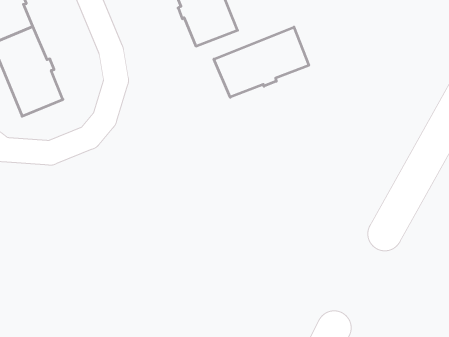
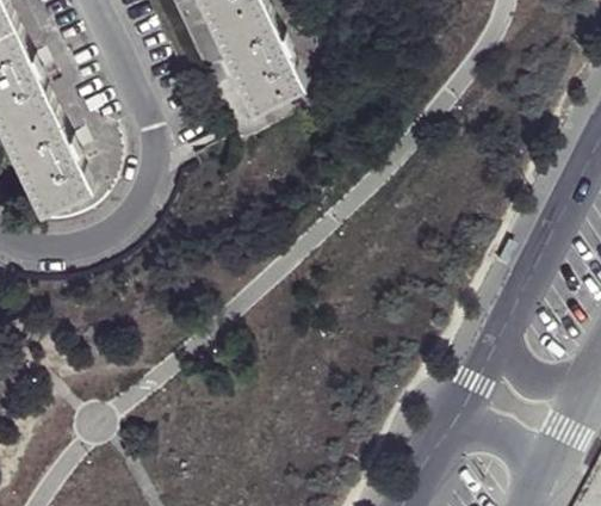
building: [214,27,309,97] -> none

